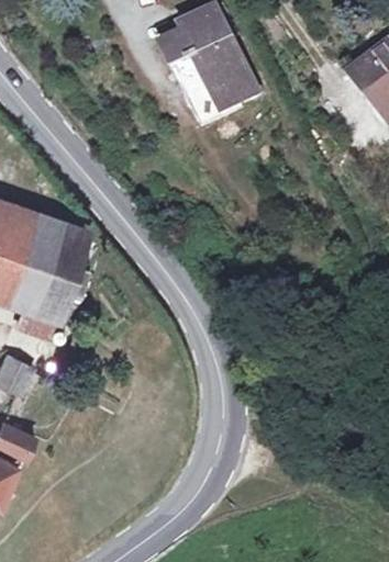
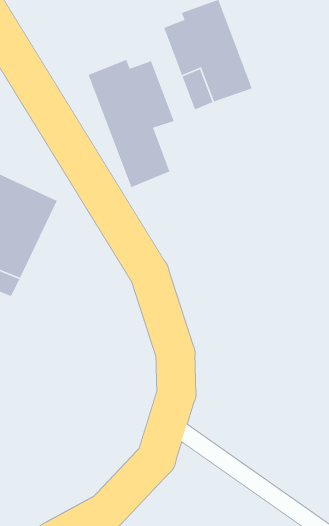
building: none -> [87,59,175,188]

